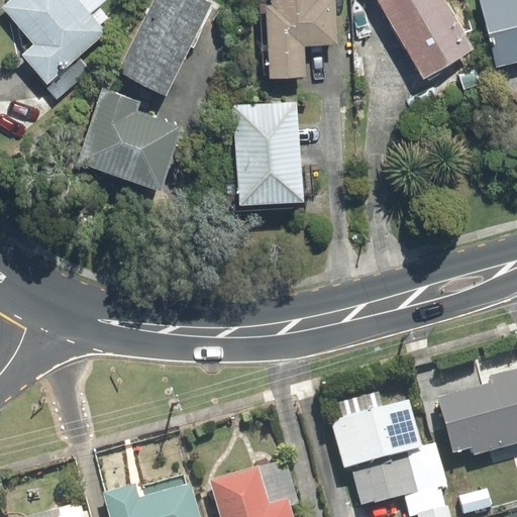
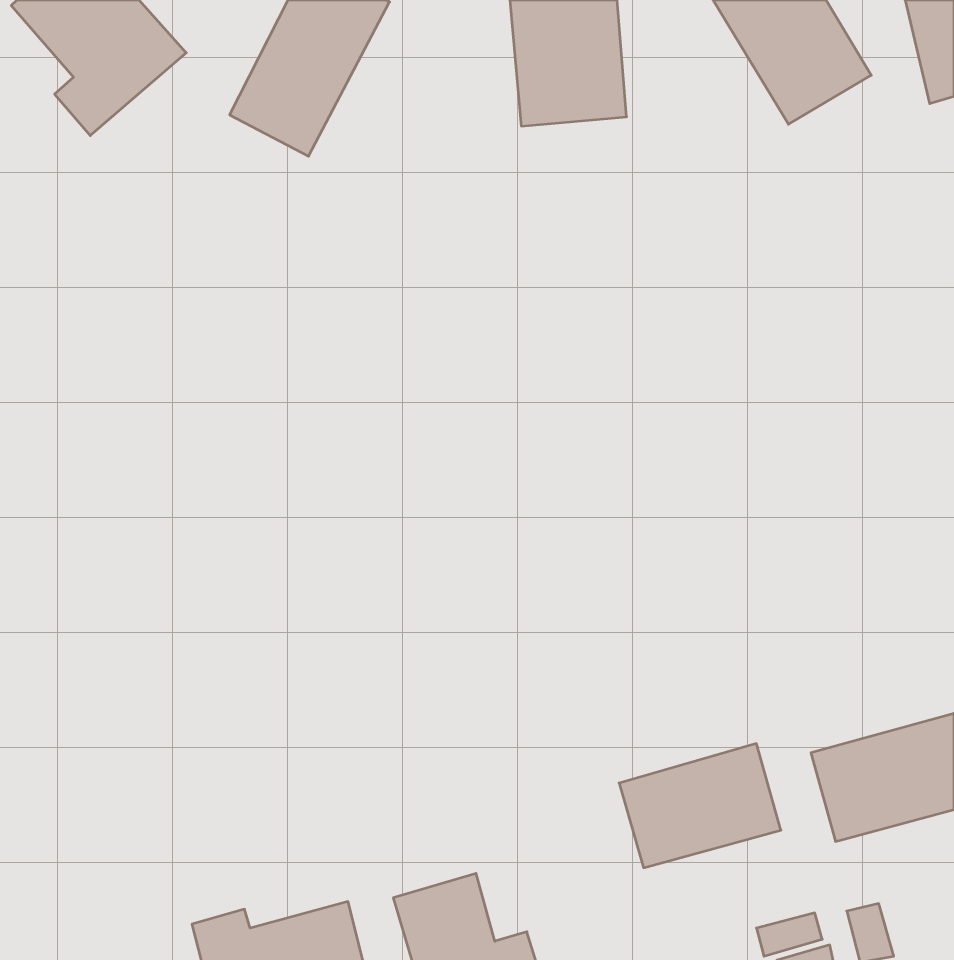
building: [85,86,179,176] -> none
building: [239,100,300,196] -> none
building: [352,449,439,505] -> none

